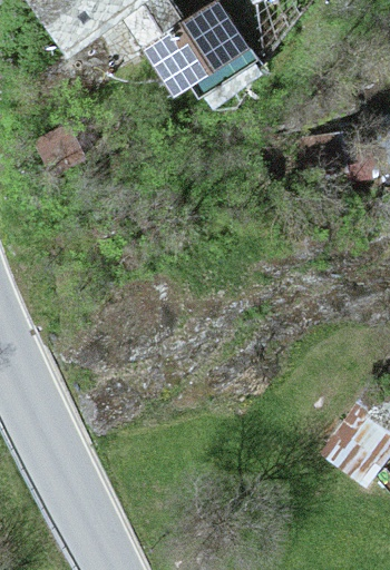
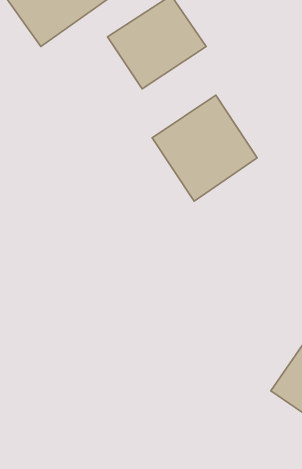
building: none -> [152,95,257,201]

